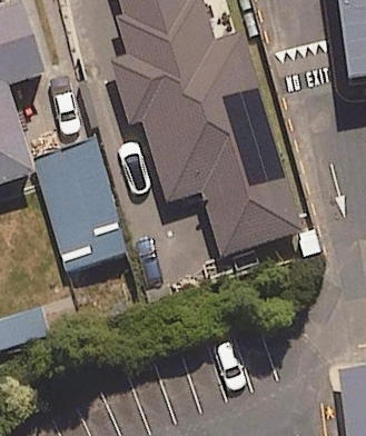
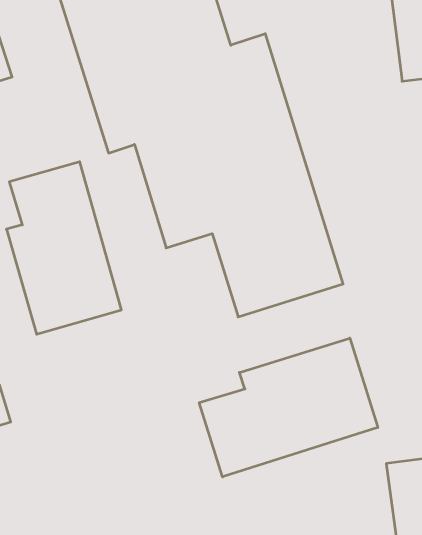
building: none -> [199,338,378,477]

